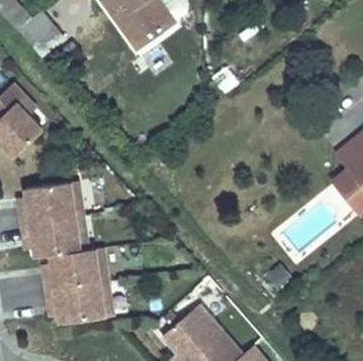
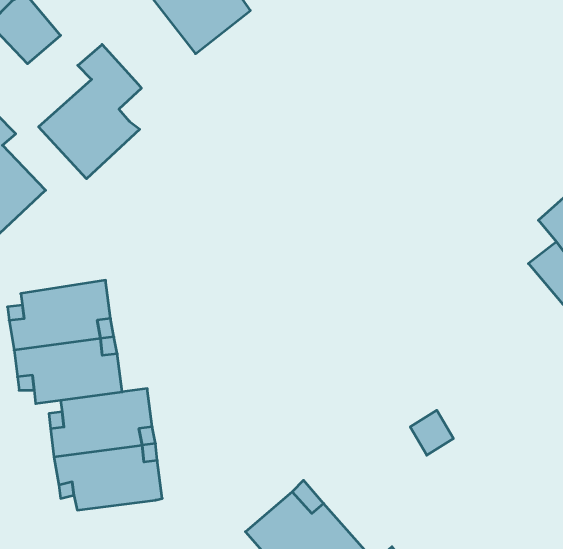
building: none -> [39,44,141,179]

